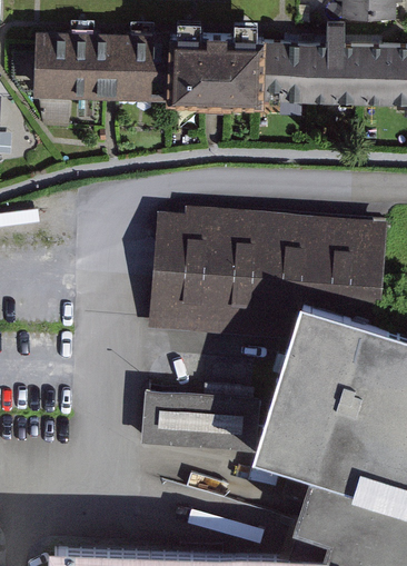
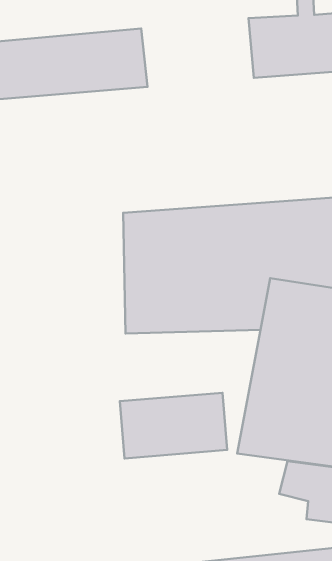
building: [197,42,299,100] -> none

